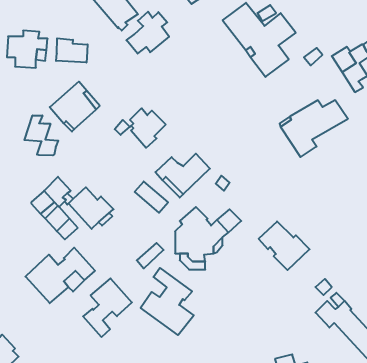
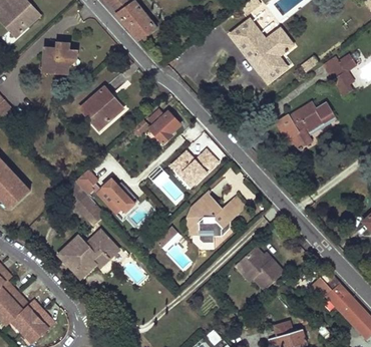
building: [126,12,169,54] -> none
building: [56,38,88,63] -> none
building: [24,115,58,155] -> none
building: [259,221,310,270] -> [241,247,285,289]
building: [141,268,194,335] -> none
building: [83,278,132,337] -> none

